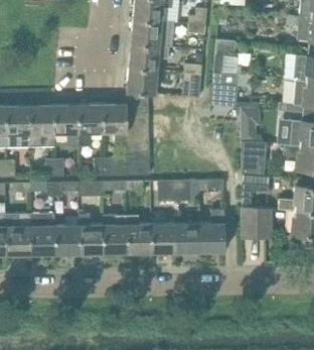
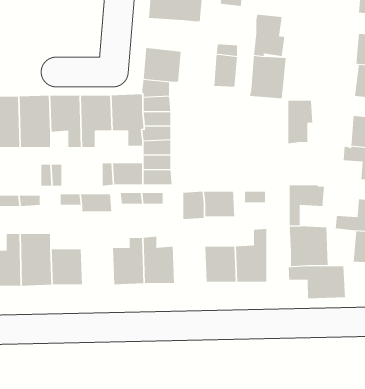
building: [129,43,169,70] -> none
building: [241,141,267,174] -> none
building: [78,214,104,253] -> none
building: [151,223,176,252] -> none
building: none -> [288,266,346,299]

